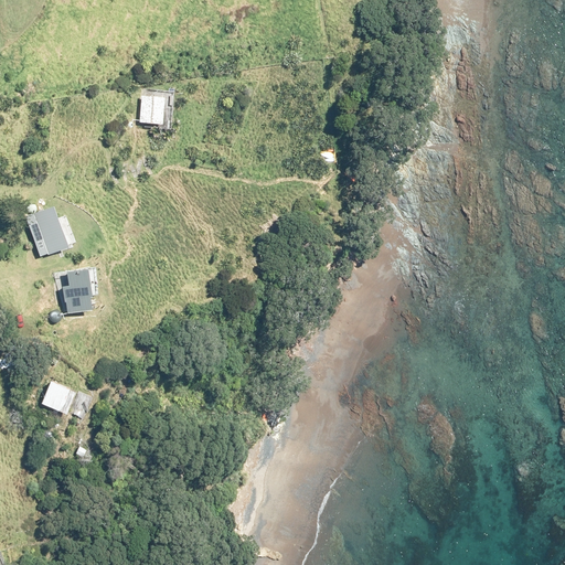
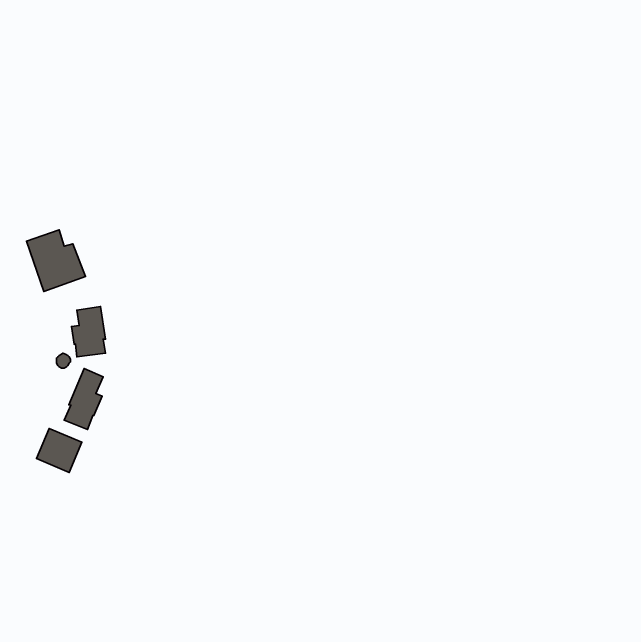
building: [139,98,172,125] -> none
building: none -> [64,368,103,429]

